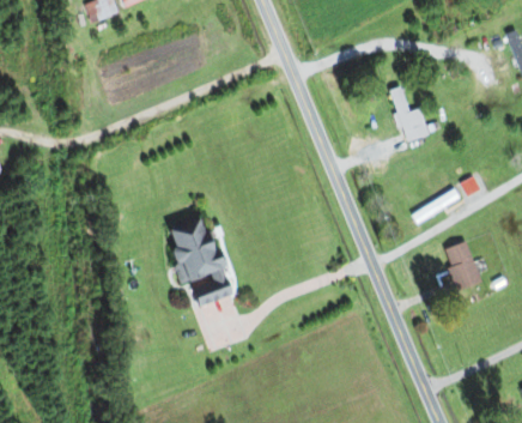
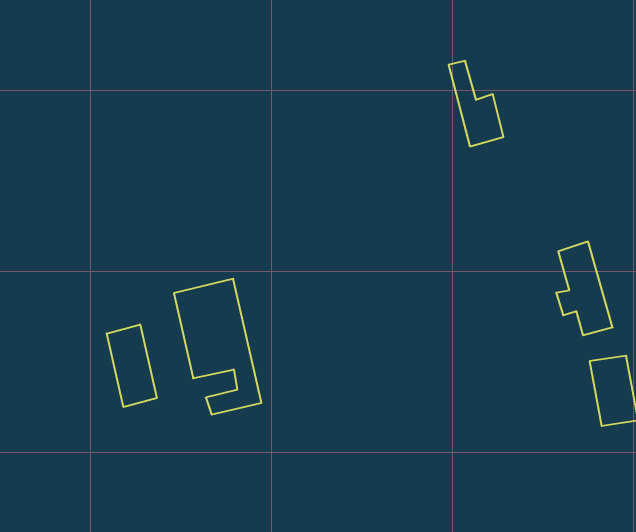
building: [389,86,430,143] -> [449,61,503,146]
building: none -> [107,324,157,407]

